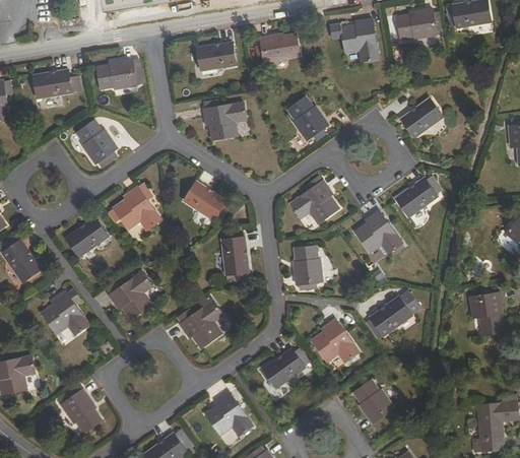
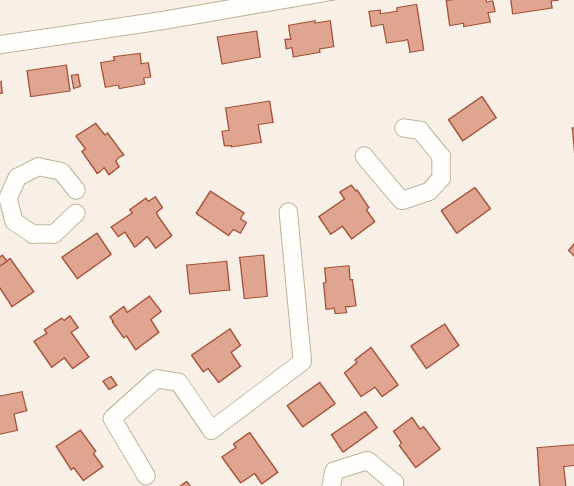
building: [288,96,329,141] -> none
building: [353,209,402,254] -> none
building: none -> [187,261,230,294]
building: [469,292,504,335] -> none
building: none -> [331,412,377,452]

